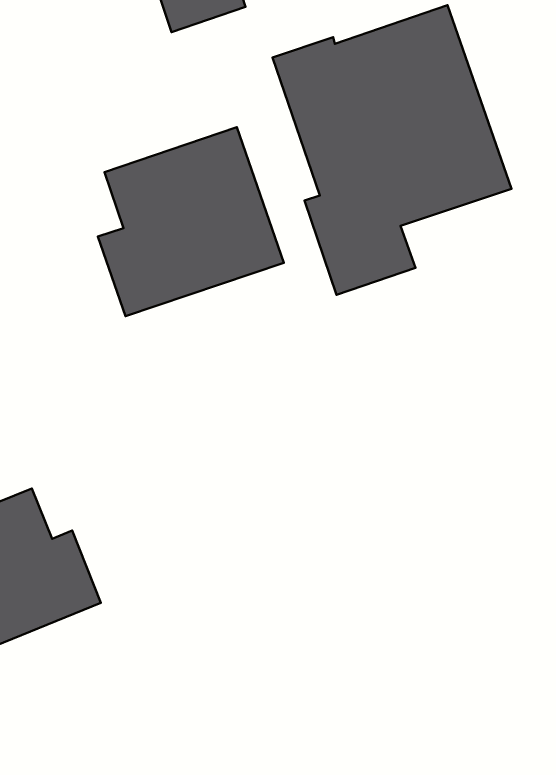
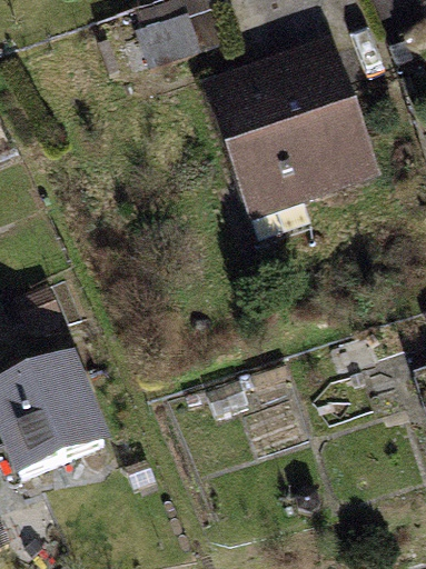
building: [98,127,284,316] -> none

